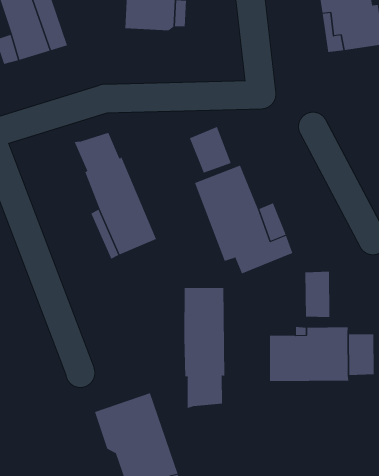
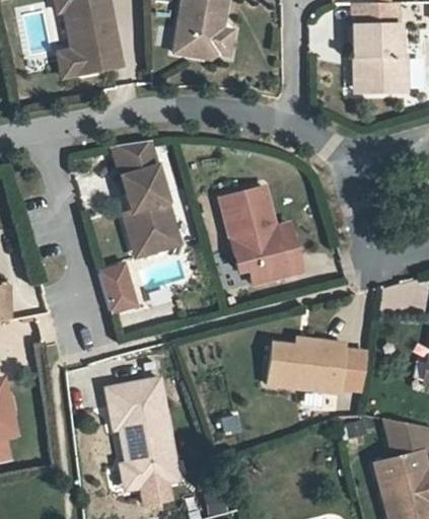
building: [189,126,231,174] -> none
building: [305,271,330,318] -> none
building: none -> [99,265,138,314]
building: [184,287,225,409] -> none

